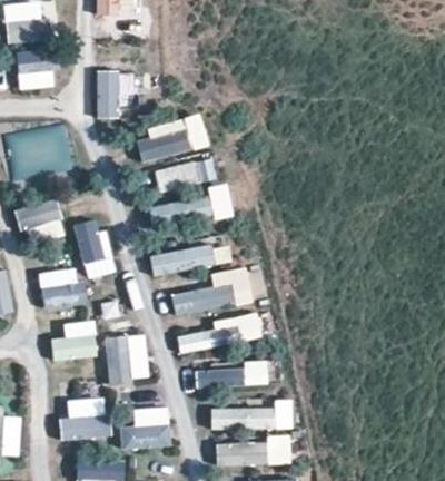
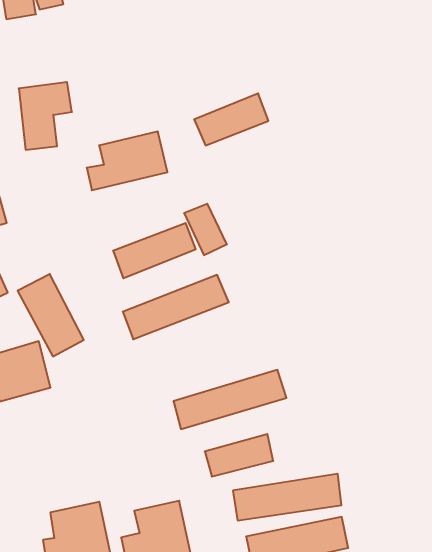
building: [152,158,209,192] -> [194,93,268,145]
building: [169,265,254,317] -> none
building: [51,321,97,360] -> none
building: [105,335,151,386] -> none

